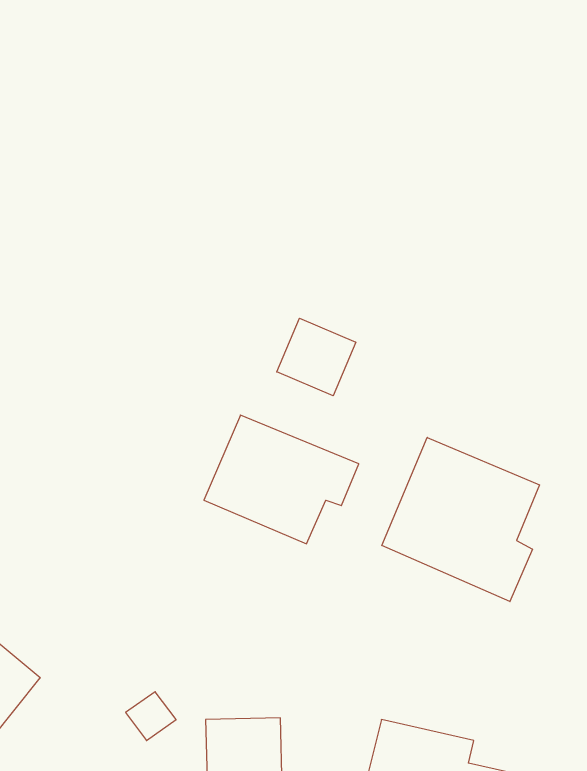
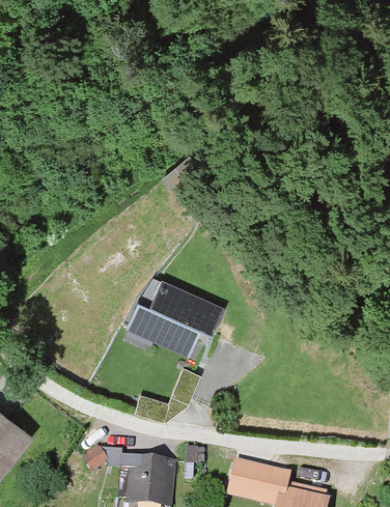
building: [277,318,356,396] -> none
building: [382,437,539,602] -> none

